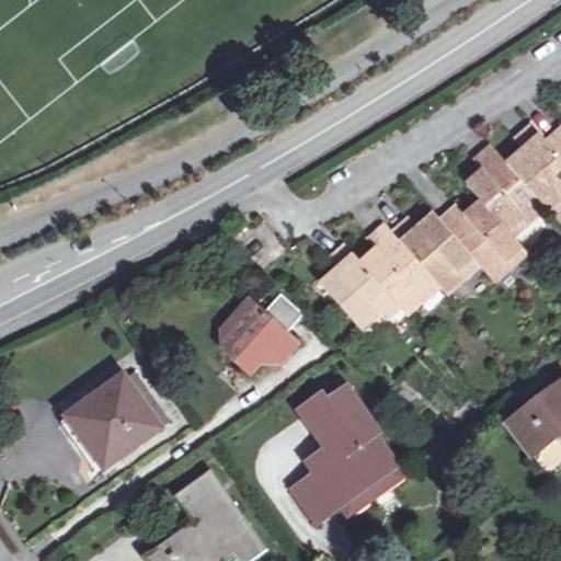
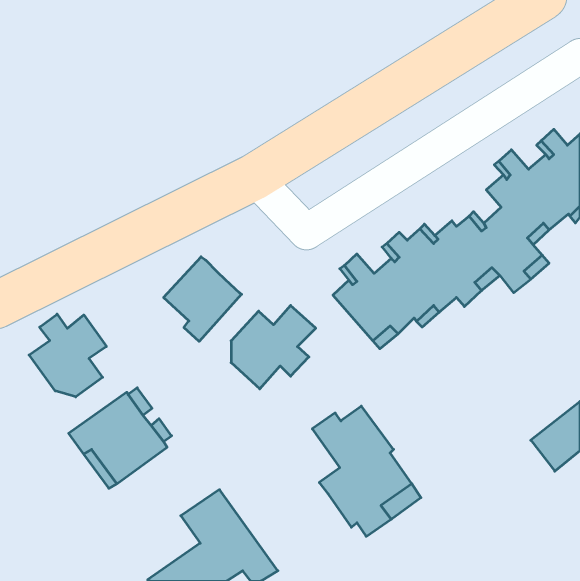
building: none -> [164,257,242,341]
building: none -> [29,314,106,397]
building: [293,473,336,519] -> none

